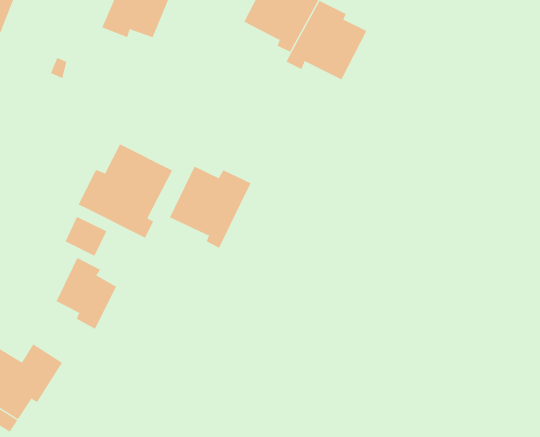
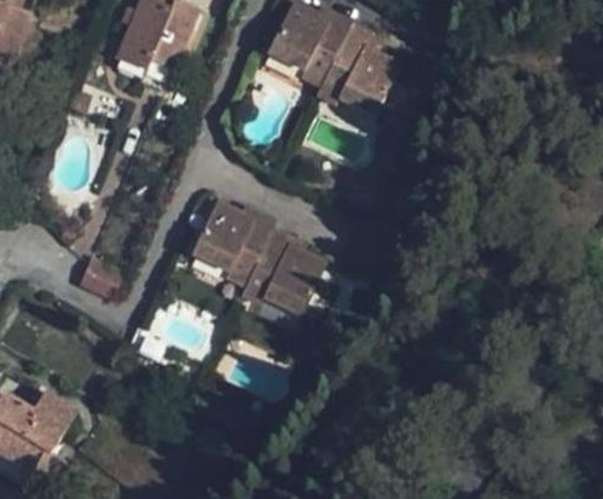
building: [78,143,173,238] -> none
building: none -> [239,230,325,315]
building: [56,257,117,329] -> none

